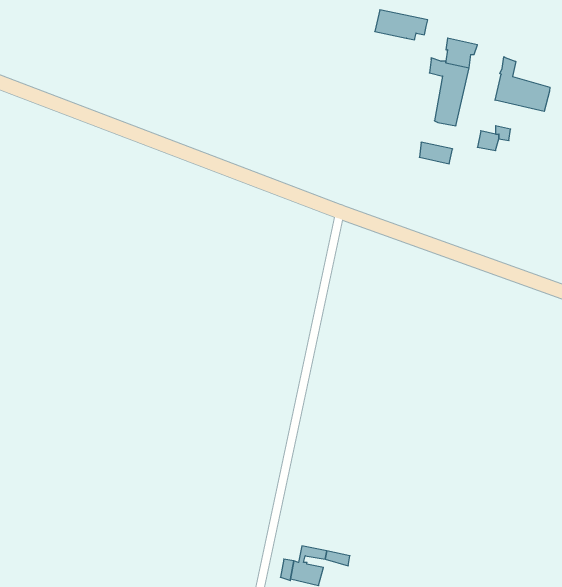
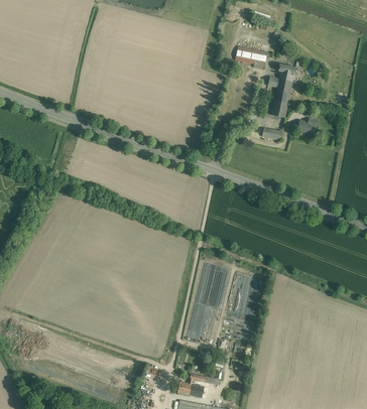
building: [495,57,550,111] -> none

